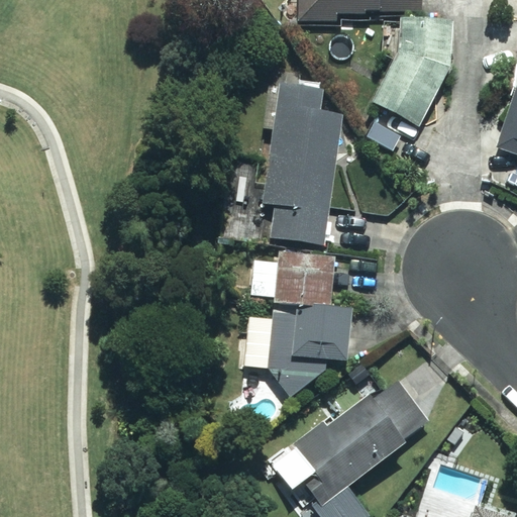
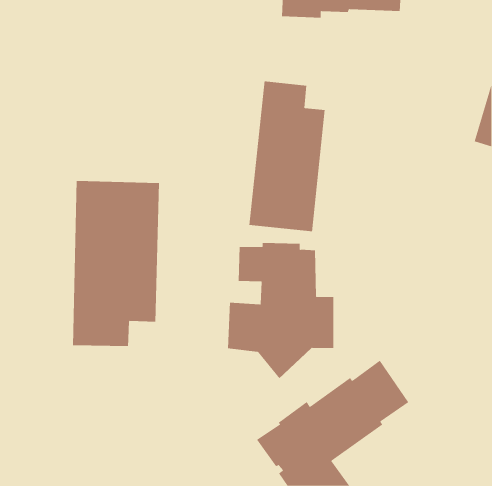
building: [372,21,450,127] -> none
building: none -> [72,180,160,347]

